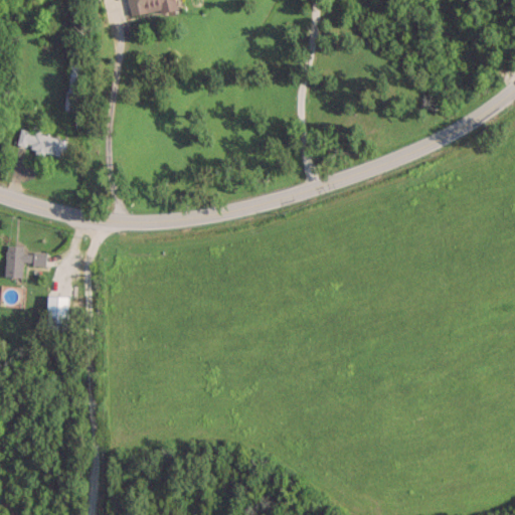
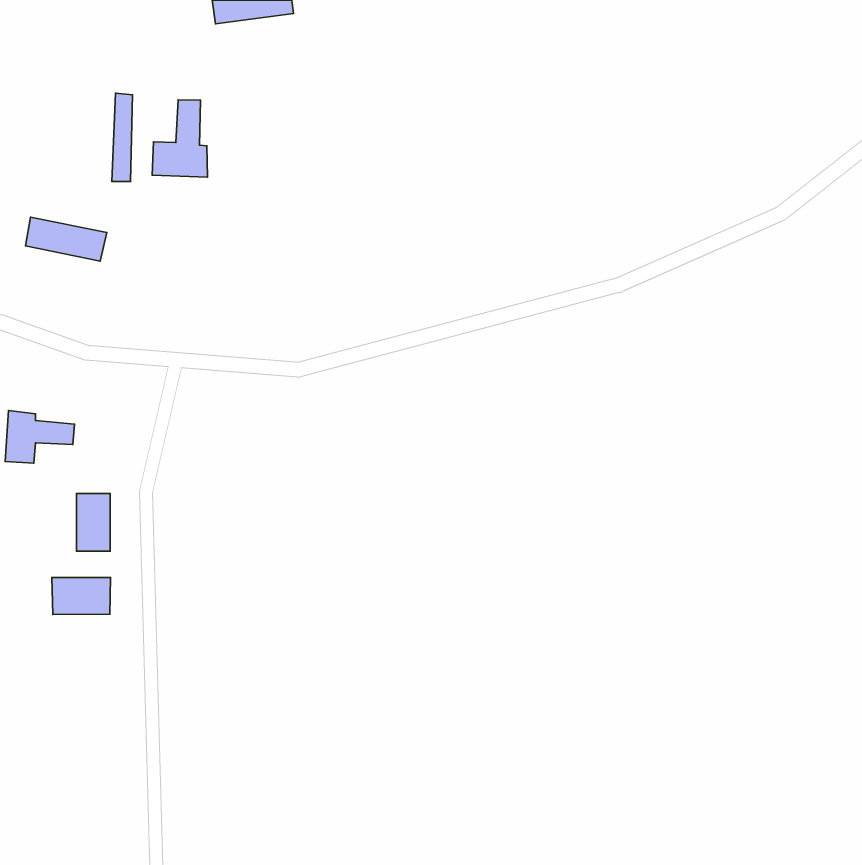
building: none -> [152,100,207,177]
building: none -> [52,577,110,615]

